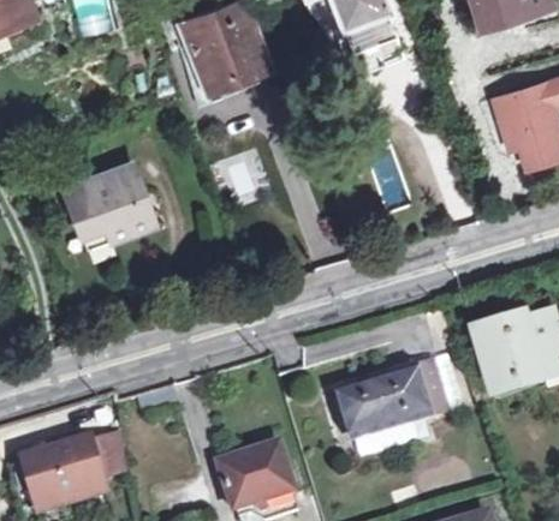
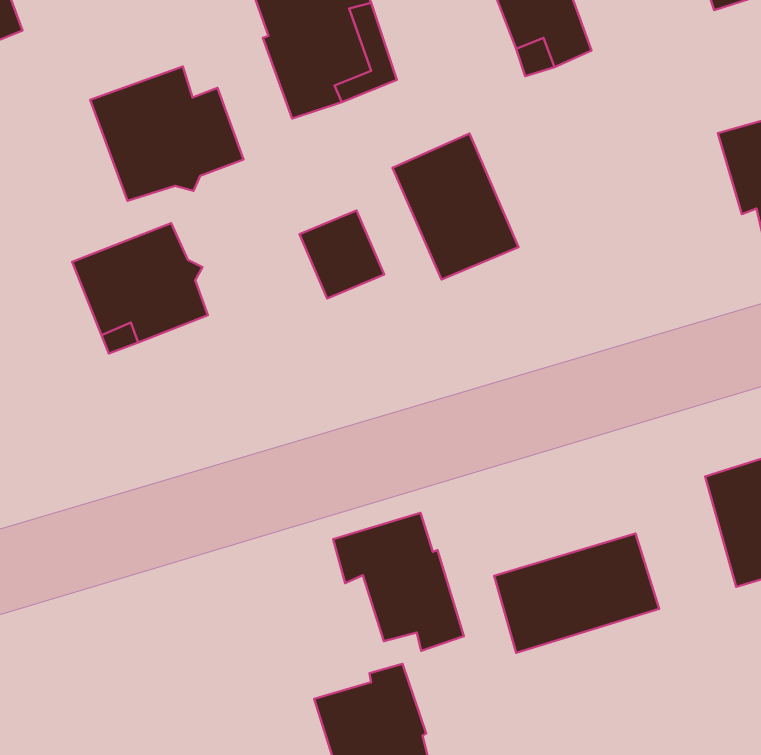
building: none -> [90,67,243,201]
building: none -> [392,133,518,279]
building: none -> [333,513,464,651]
building: [24,435,127,503] -> none

